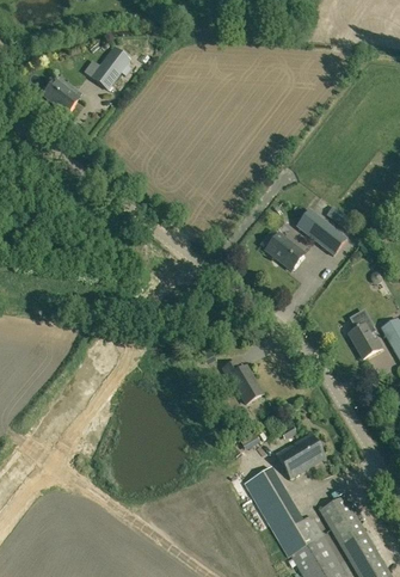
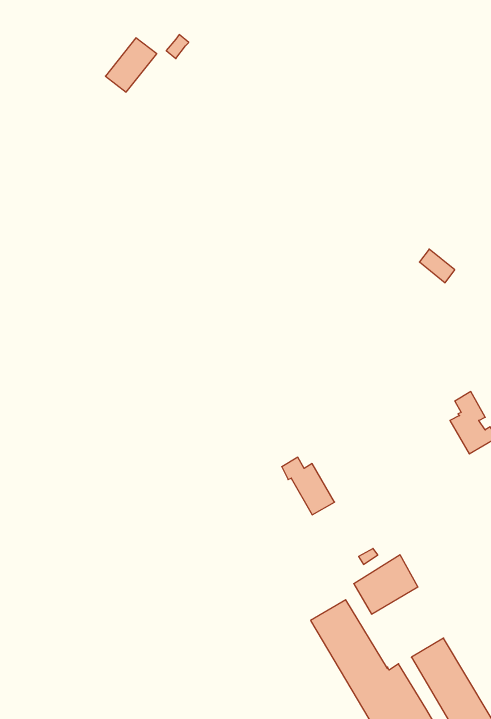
building: [42,78,78,112] -> none
building: [296,208,345,254] -> none
building: [264,232,303,269] -> none

